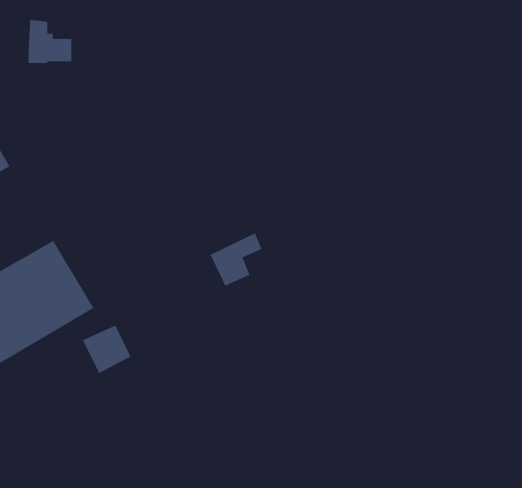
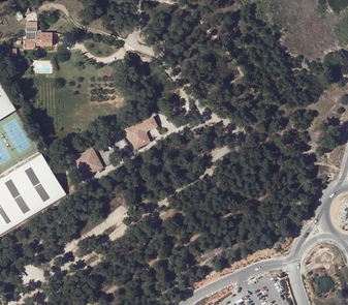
building: [209,232,262,287] -> [125,116,157,149]
building: [82,325,131,374] -> [72,148,102,178]

